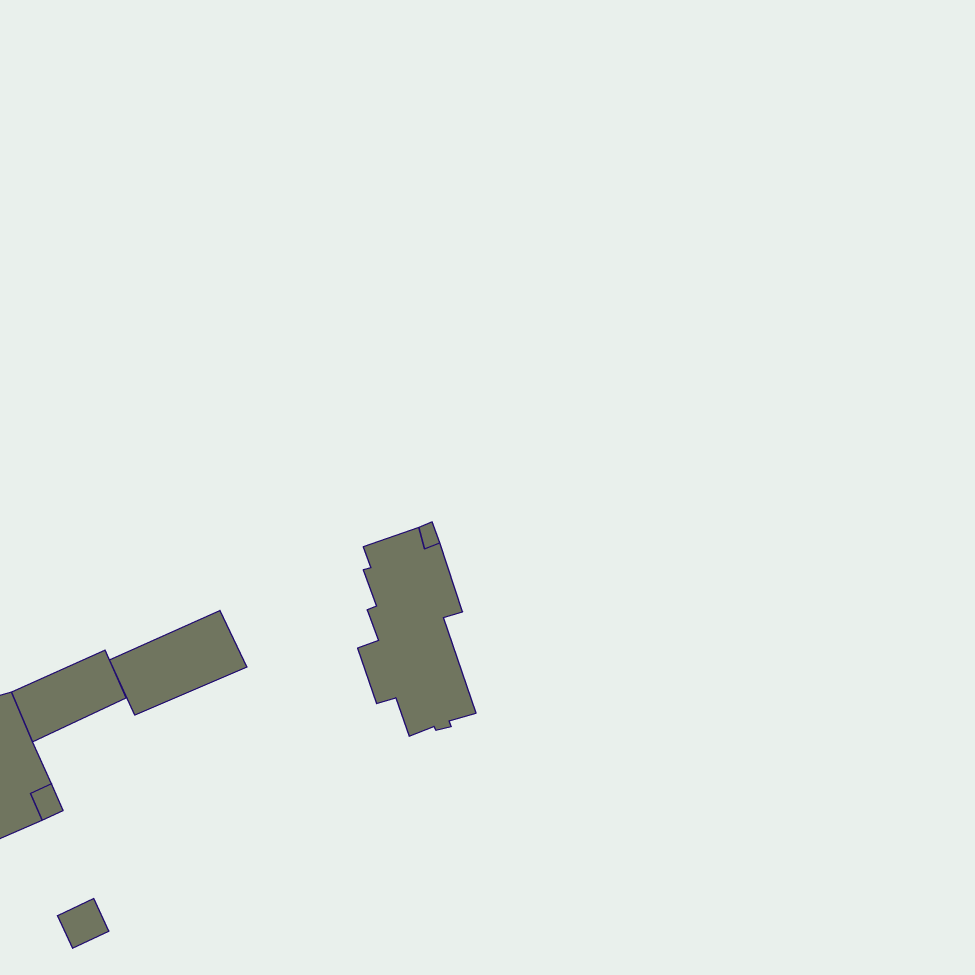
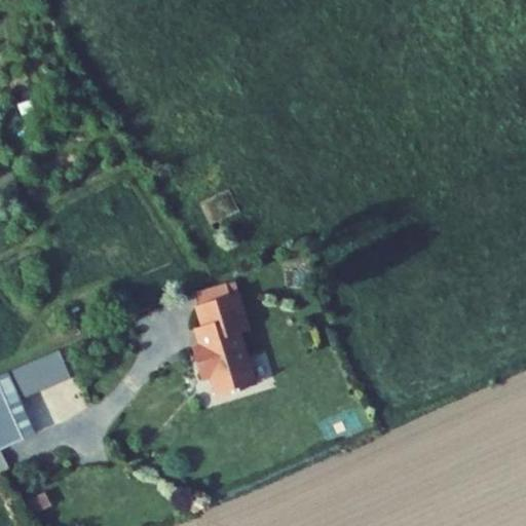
building: [110,610,247,715] -> none

